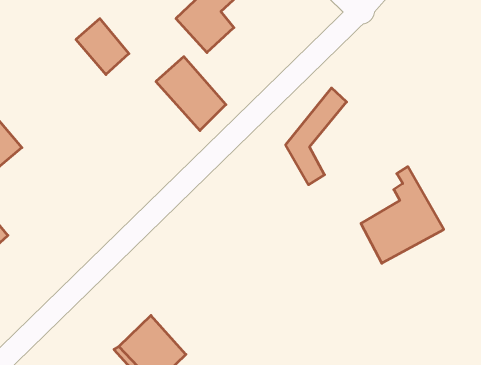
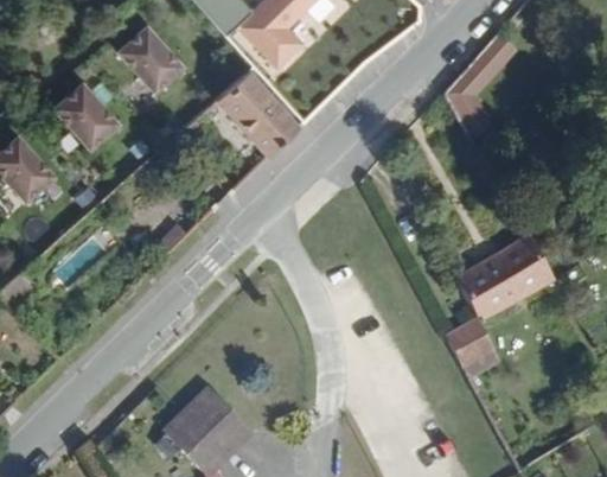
building: none -> [55,83,119,150]
building: [286,88,347,185] -> [448,25,520,140]
building: none -> [451,317,499,365]

